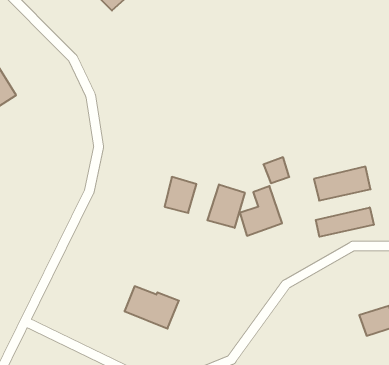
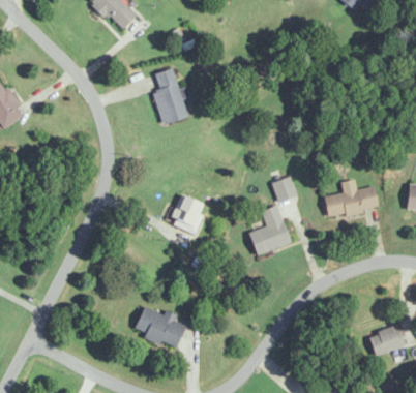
building: none -> [154,68,189,124]
building: [207,184,245,228] -> none
building: [316,207,374,237] -> none

